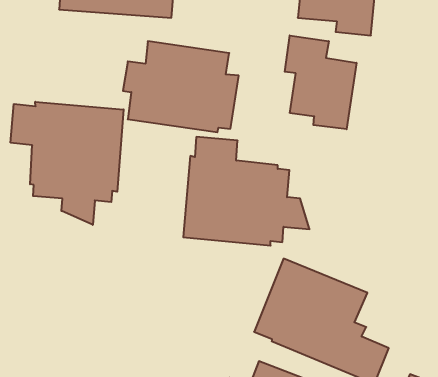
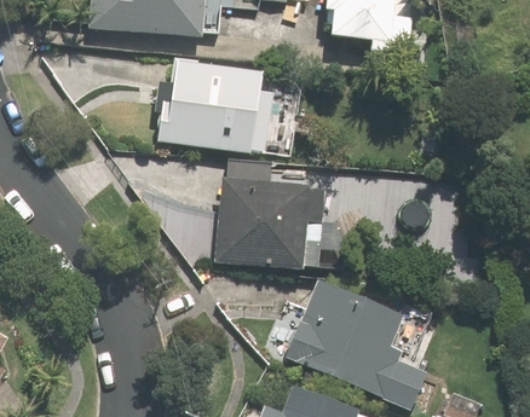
building: [285,35,356,129] -> none
building: [11,102,124,225] -> none

